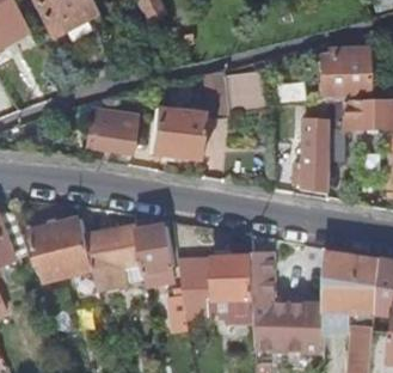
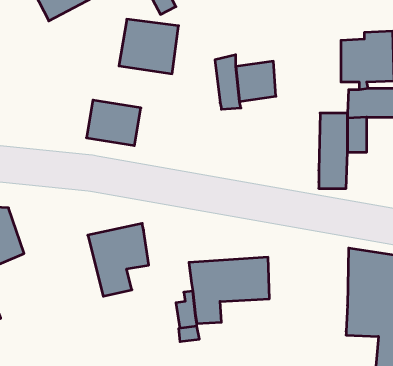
building: [147,109,202,159] -> [119,19,179,74]
building: [29,218,102,295] -> none
building: [137,226,173,285] -> none
building: [252,251,325,350] -> none

